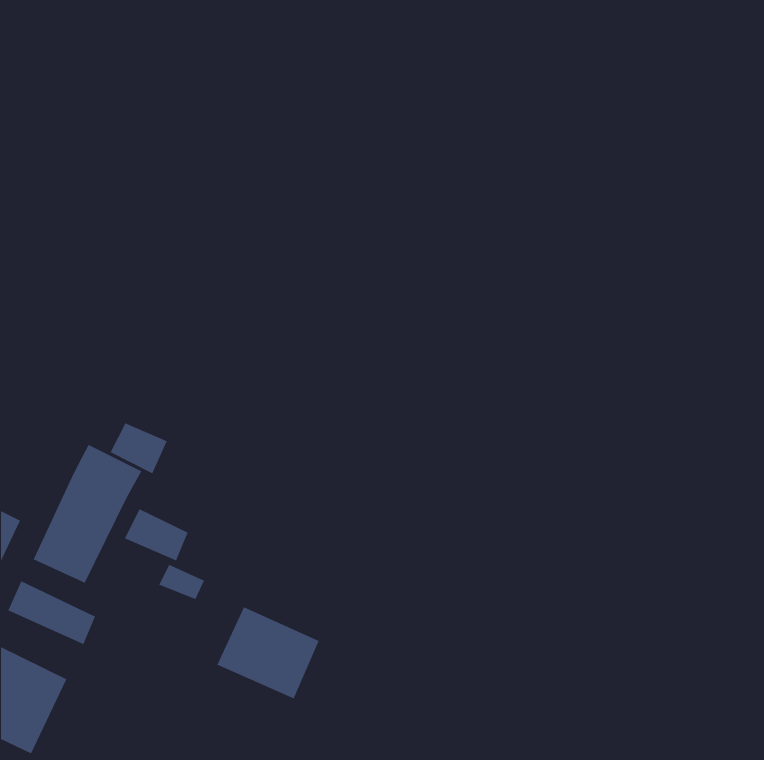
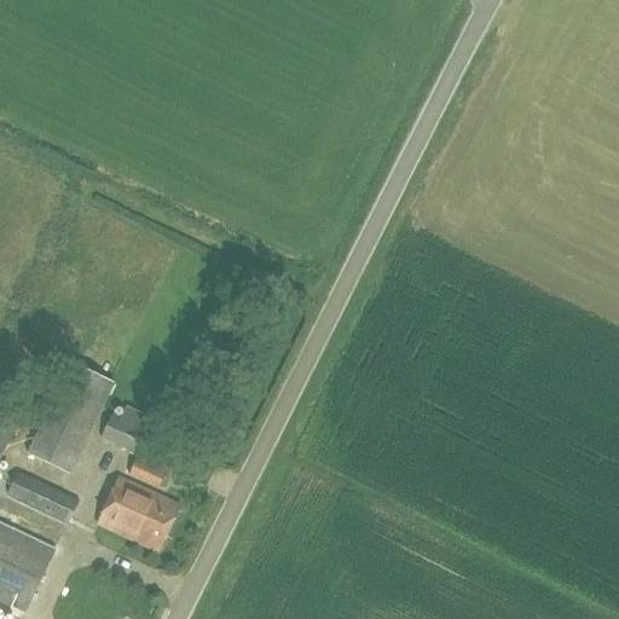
building: [110,423,168,474] -> none
building: [216,606,320,699] -> [97,475,180,550]

